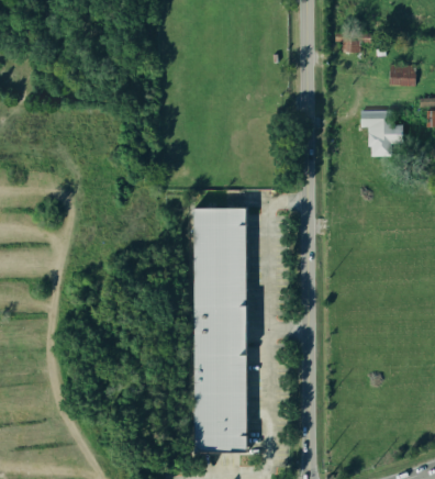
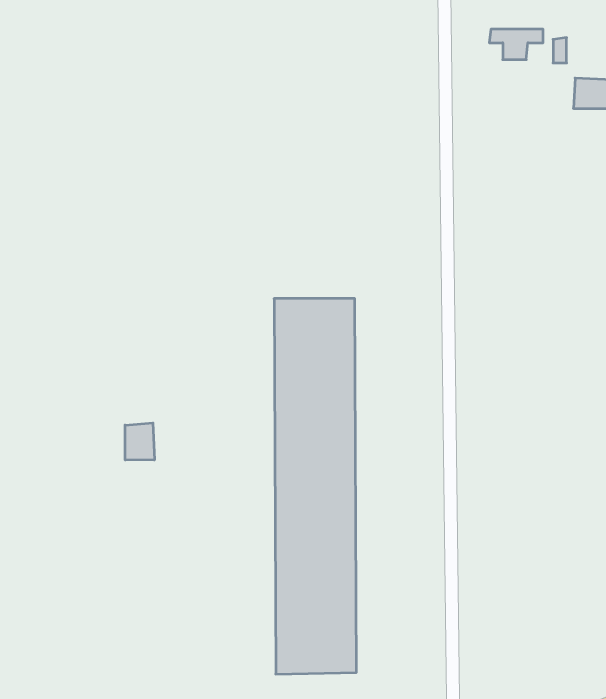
building: [360,110,401,155] -> none
building: none -> [125,423,154,460]

